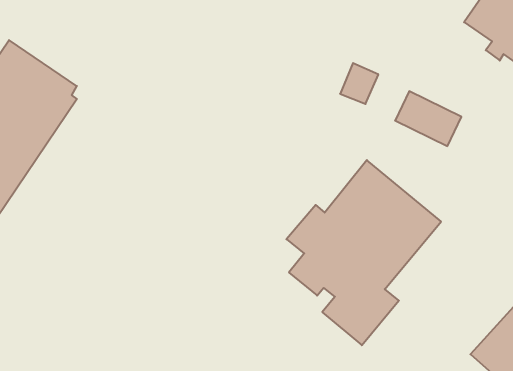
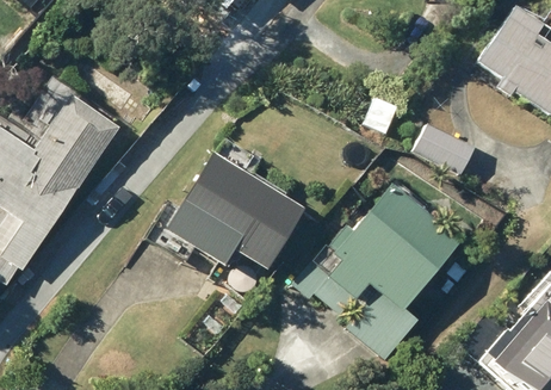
building: none -> [150,136,305,250]

